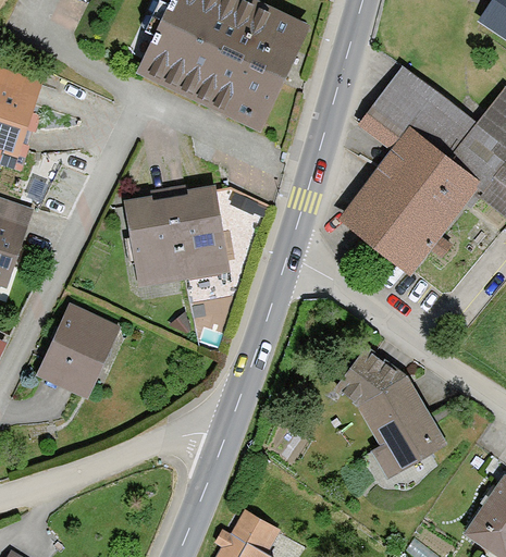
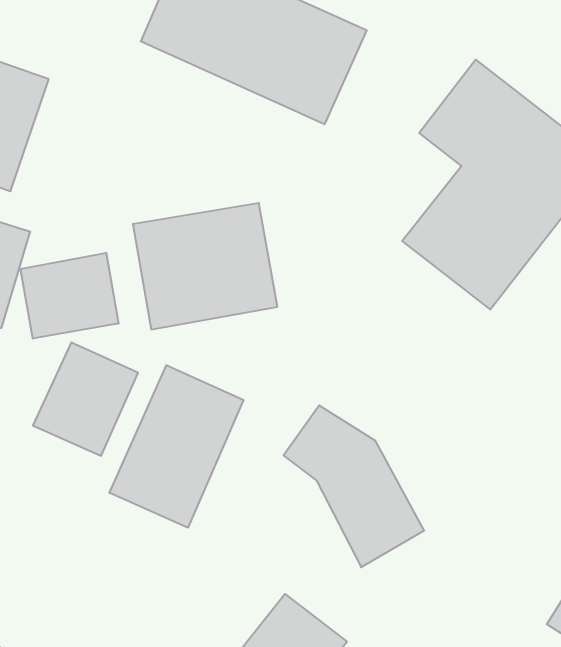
building: none -> [20,253,119,339]
building: none -> [109,365,244,528]
building: [333,343,449,476] -> [284,405,424,567]

